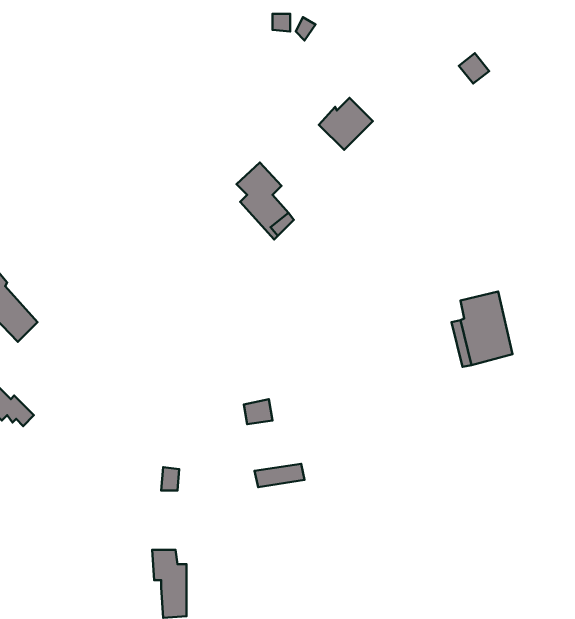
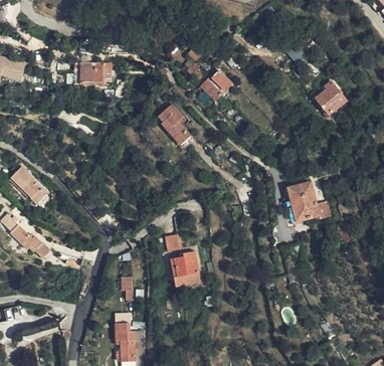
building: none -> [77,63,115,84]
building: none -> [312,78,345,113]
building: none -> [170,252,198,278]

